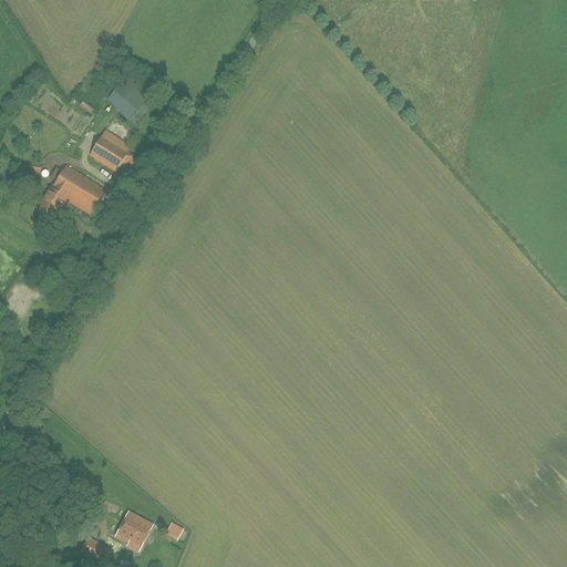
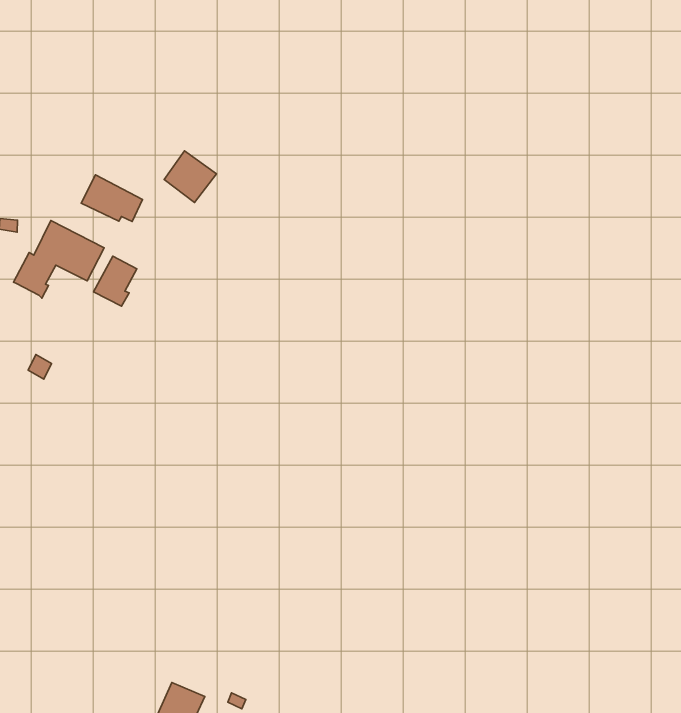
building: [107,79,146,117] -> [164,151,216,203]
building: none -> [93,256,137,306]

